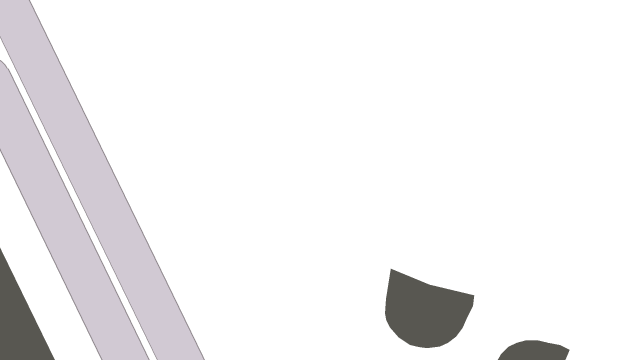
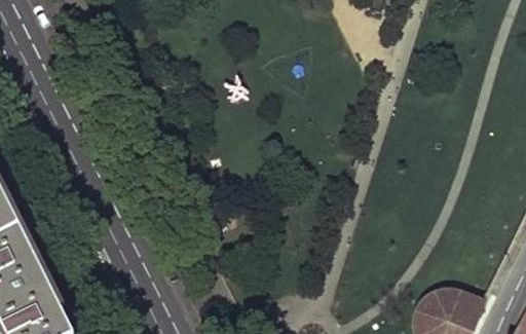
building: [384,268,475,349] -> none

